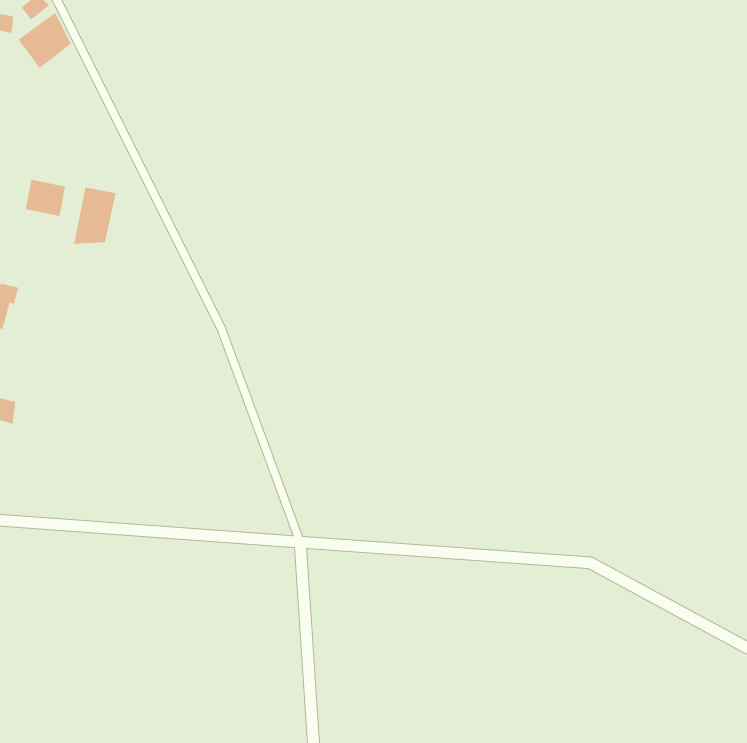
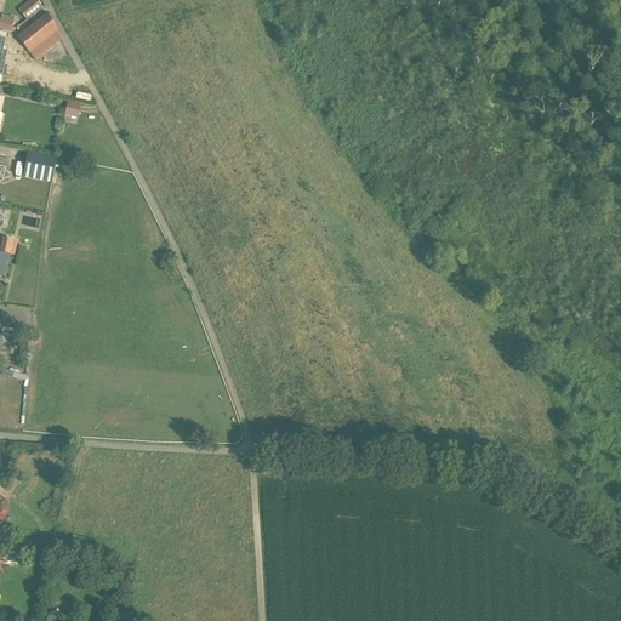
building: [73,186,116,244] -> none

